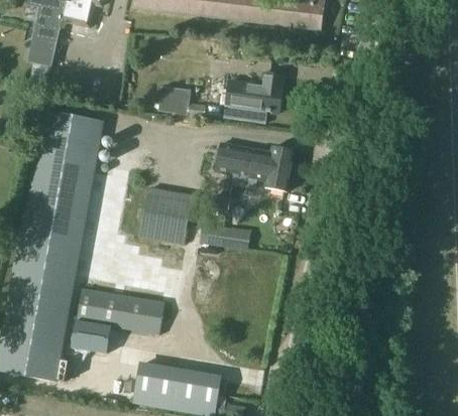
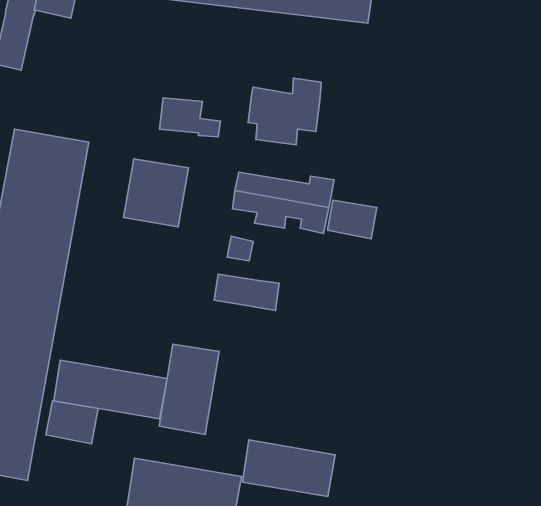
building: none -> [328,200,377,239]
building: [139,188,190,241] -> [123,159,189,227]
building: none -> [159,344,219,434]
building: none -> [242,440,335,497]

